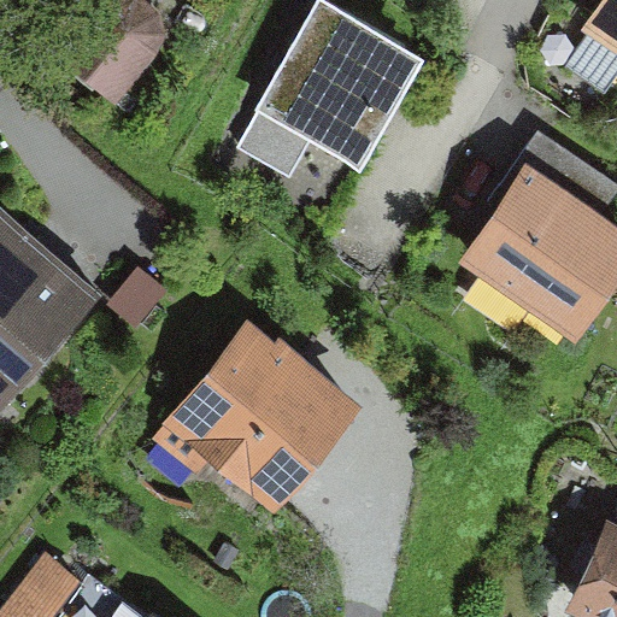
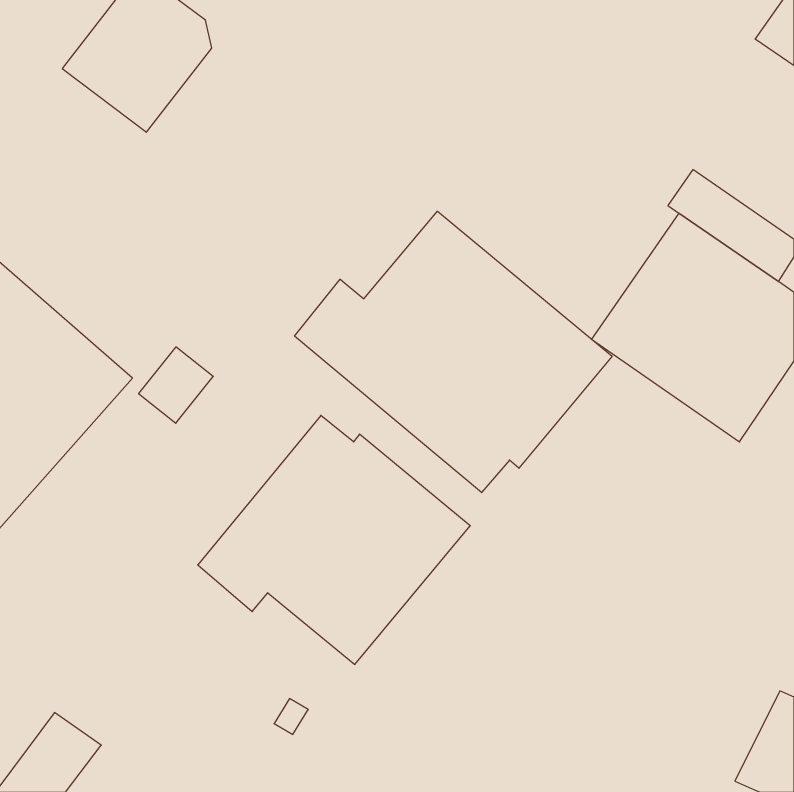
building: [243,11,421,176] -> none
building: none -> [295,211,612,493]

